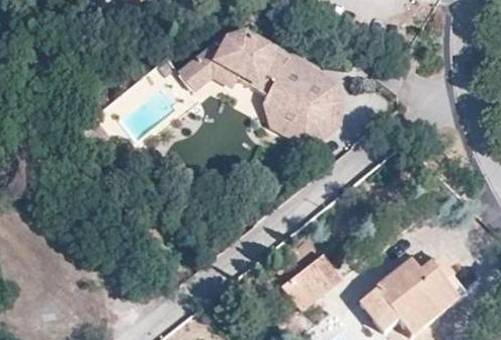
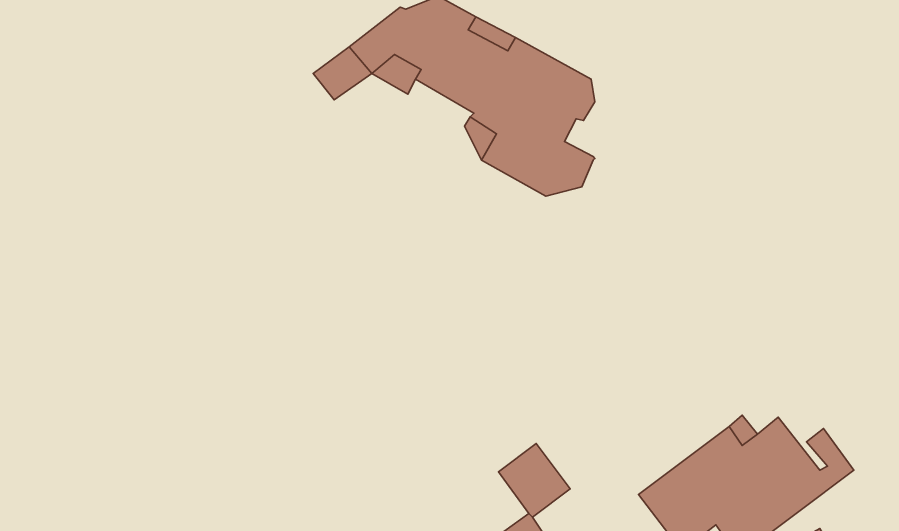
building: [307,76,344,146] -> none
building: [302,255,341,295] -> none

